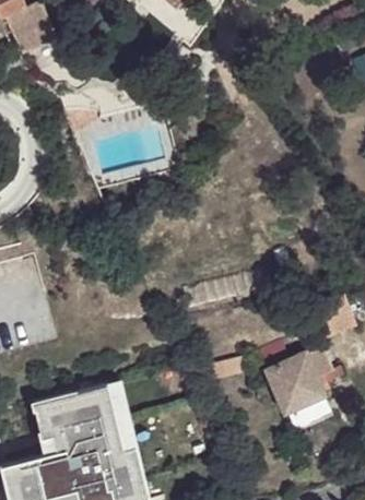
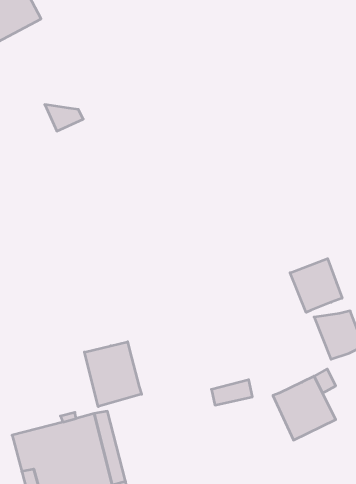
building: none -> [290,259,342,312]
building: none -> [84,342,142,407]

